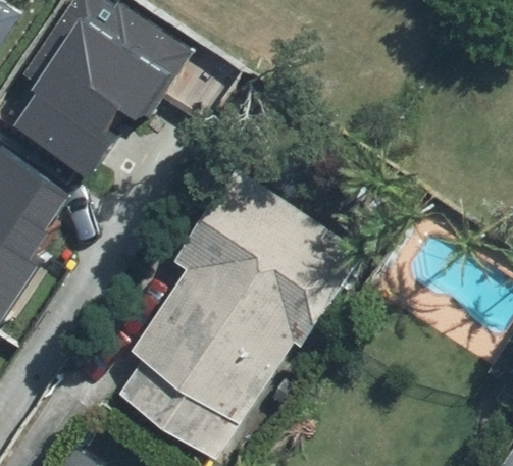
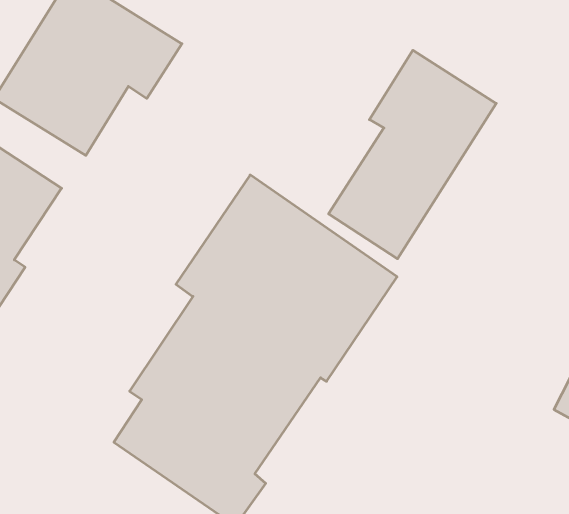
building: none -> [329,50,496,259]

